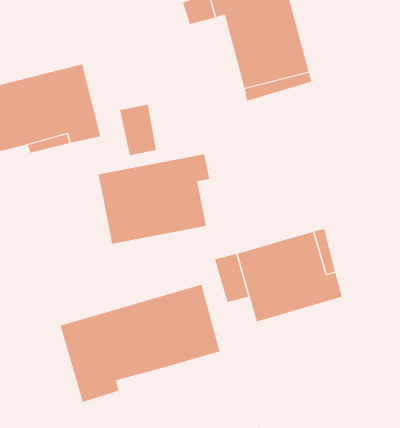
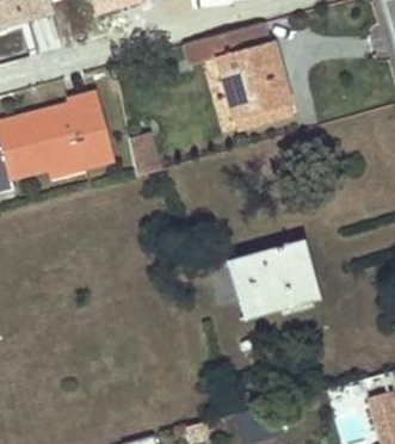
building: [98,154,210,245] -> none
building: [60,284,220,403] -> none

